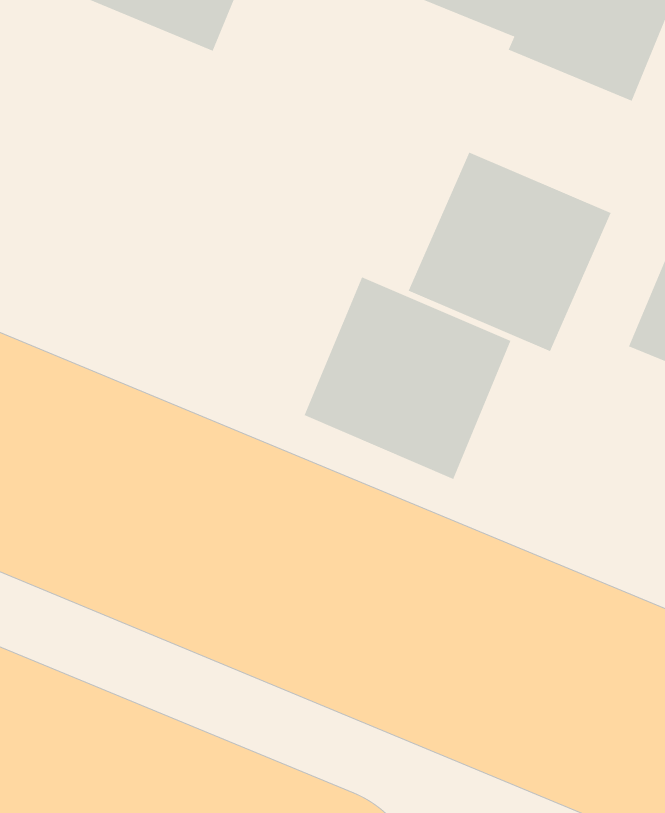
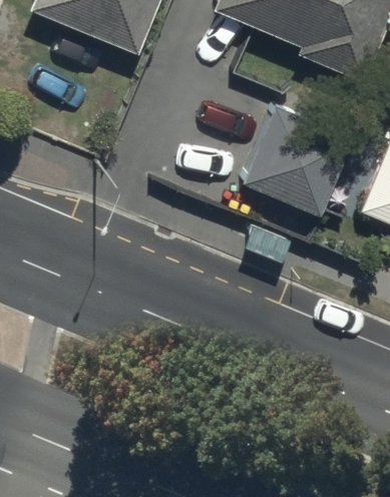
building: [304,277,511,480] -> none

